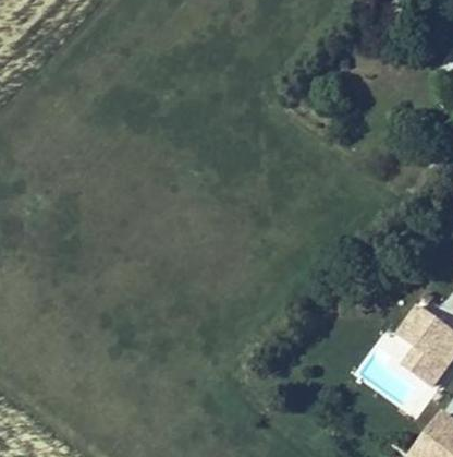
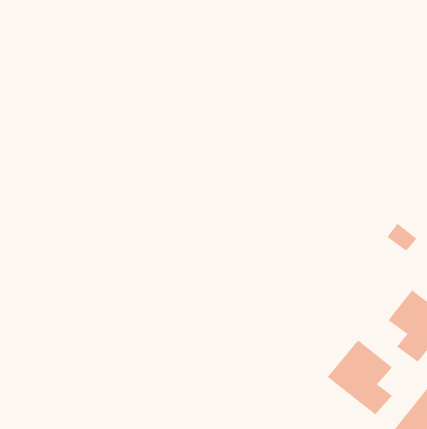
building: none -> [327,339,393,415]

